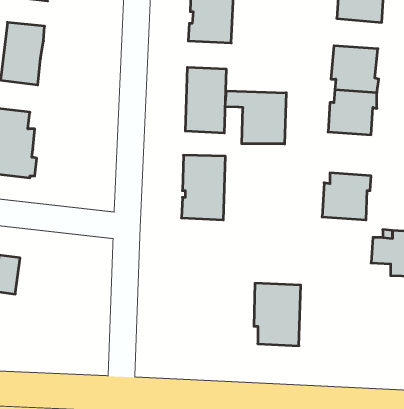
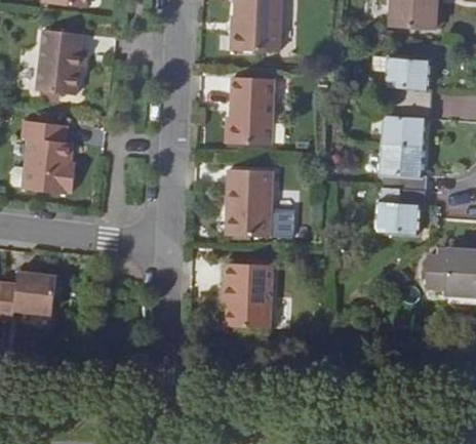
building: [225,91,286,144] -> none
building: none -> [378,145,427,191]
building: [254,283,301,346] -> [223,263,272,328]

